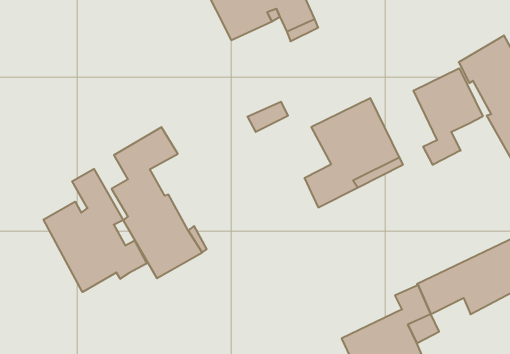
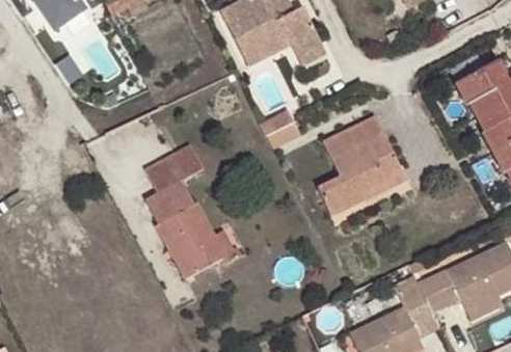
building: [414,68,483,165] -> none
building: [44,169,147,292] -> none

